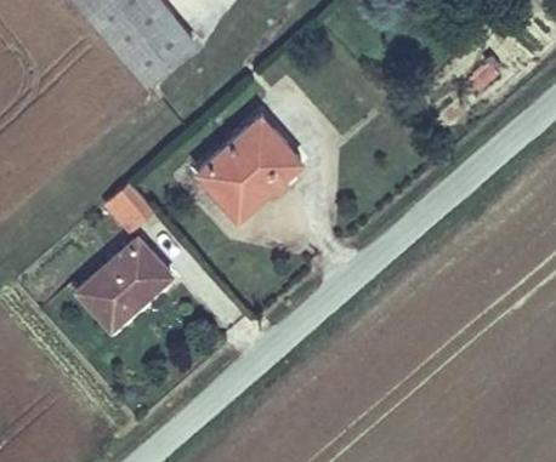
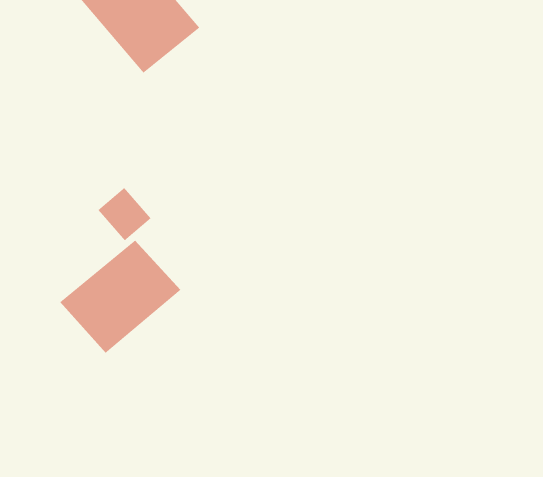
building: [191,109,306,223] -> none

